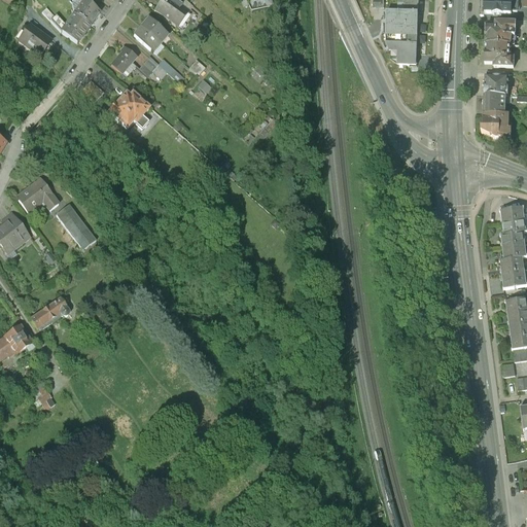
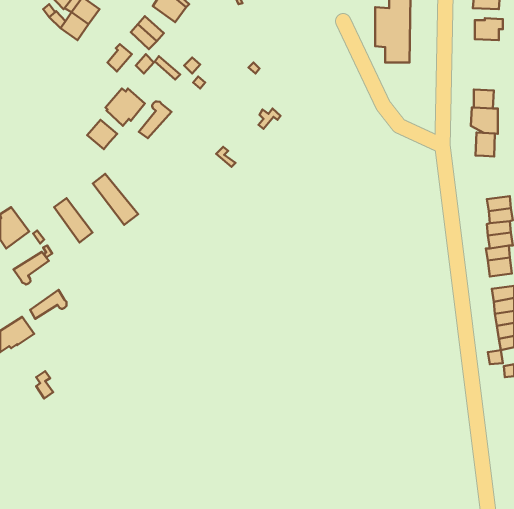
building: [16,23,50,55] -> none
building: [485,40,514,63] -> none
building: [485,73,507,93] -> none
building: none -> [139,101,172,138]
building: none -> [87,120,117,149]
building: none -> [476,133,495,157]
building: [15,177,58,211] -> none
building: none -> [93,174,138,225]
building: none -> [13,252,49,284]

